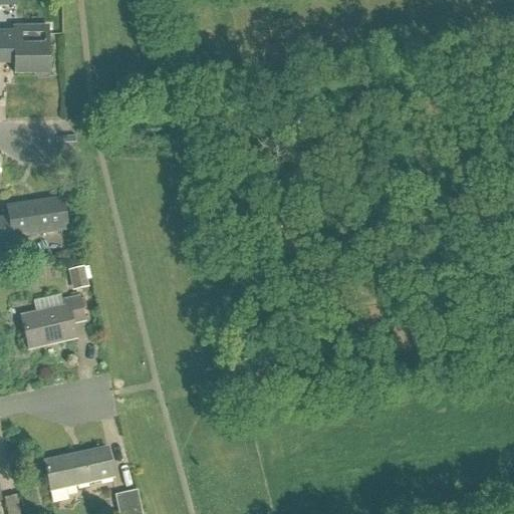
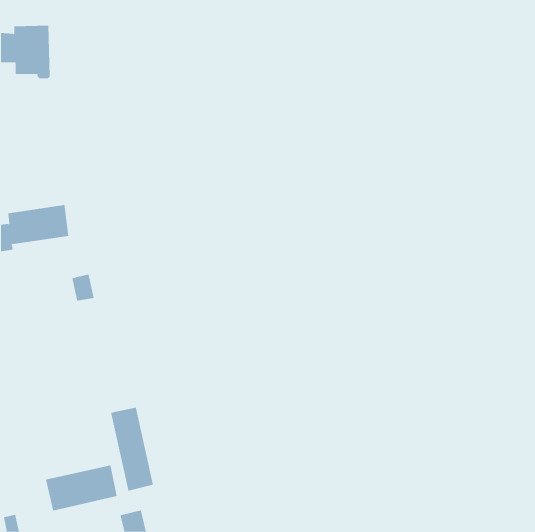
building: [21,294,85,346] -> none
building: none -> [111,407,153,492]

